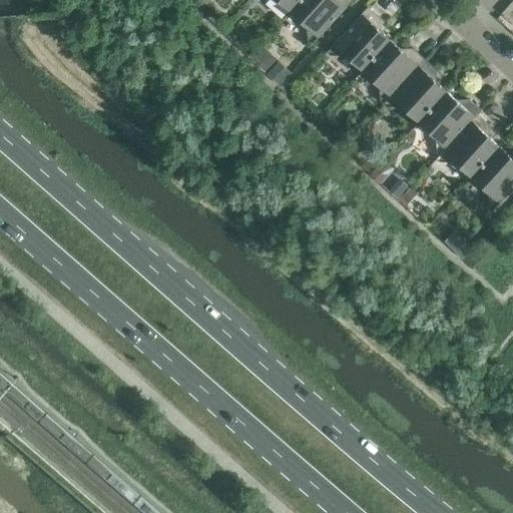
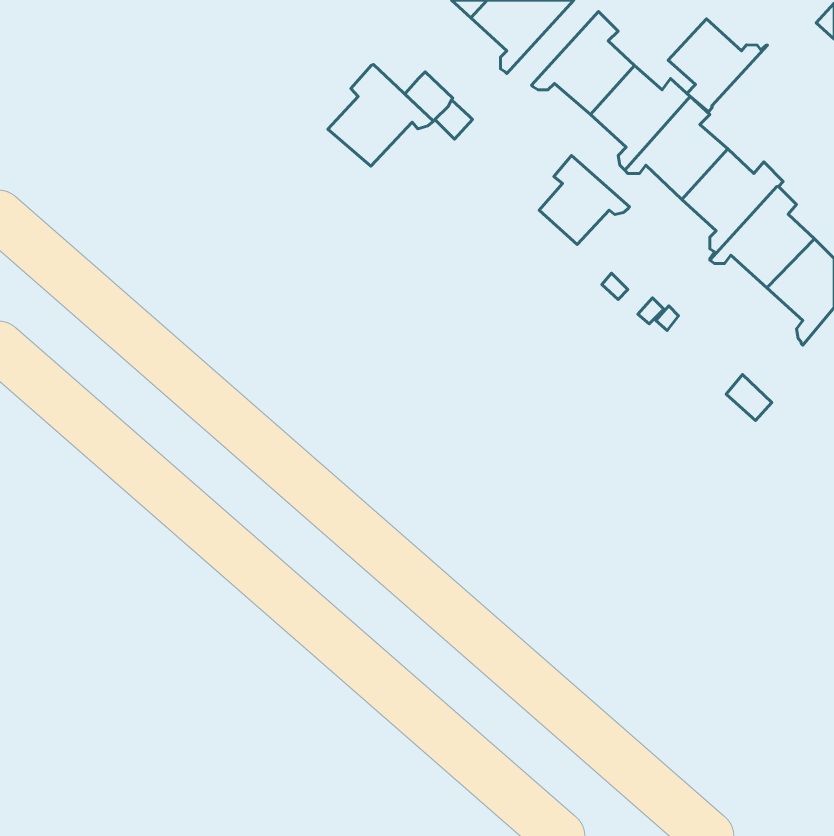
building: none -> [668,19,768,112]
building: none -> [328,65,433,166]
building: none -> [539,155,629,245]

